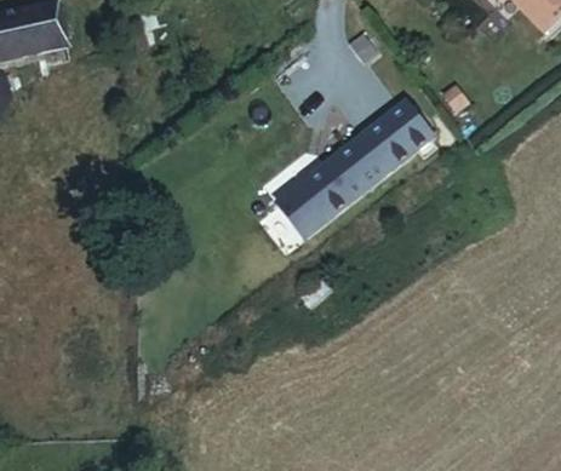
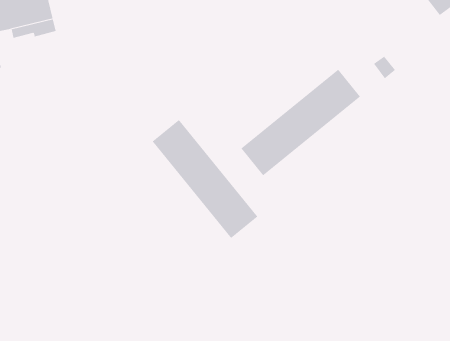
building: none -> [152,119,258,239]

